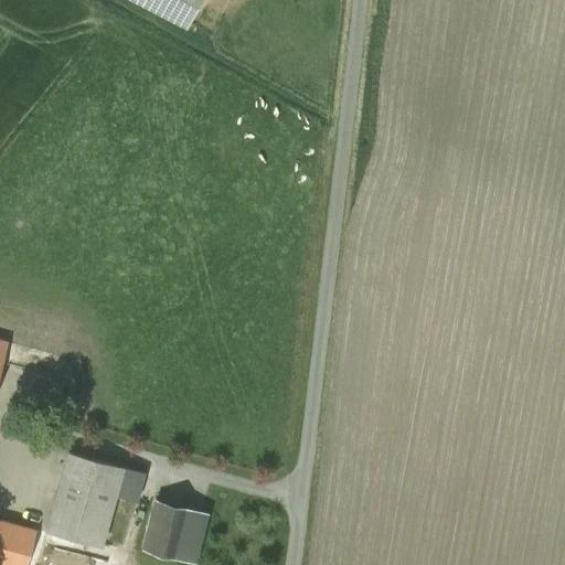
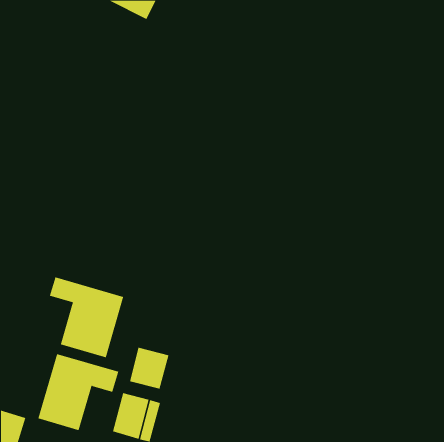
building: none -> [49,277,124,358]
building: none -> [130,347,169,390]

